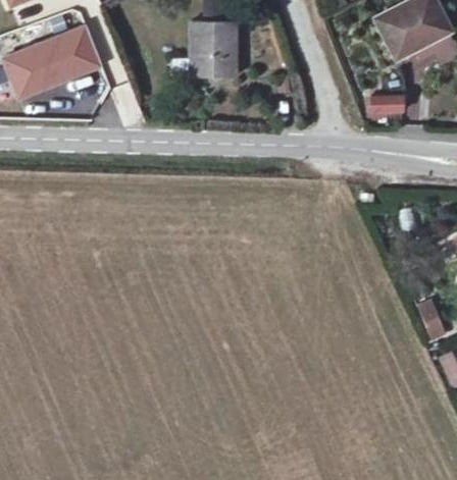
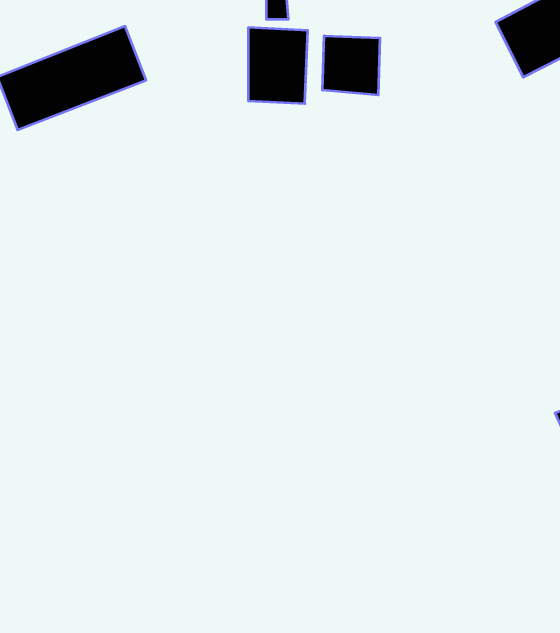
building: none -> [323,36,380,95]
building: [367,94,407,118] -> none

